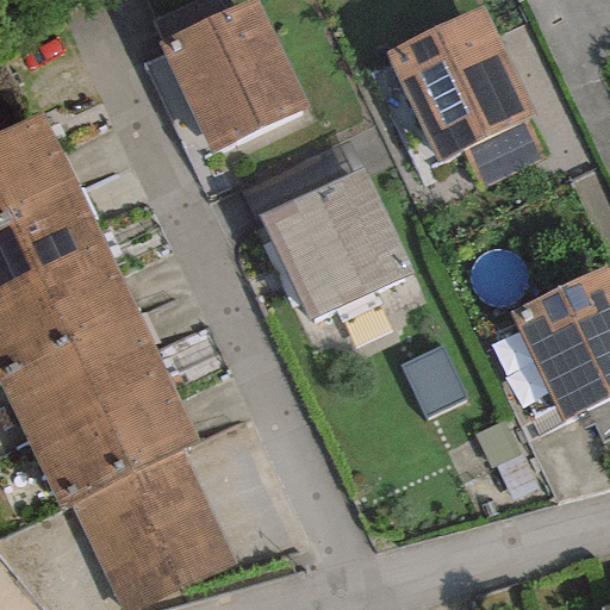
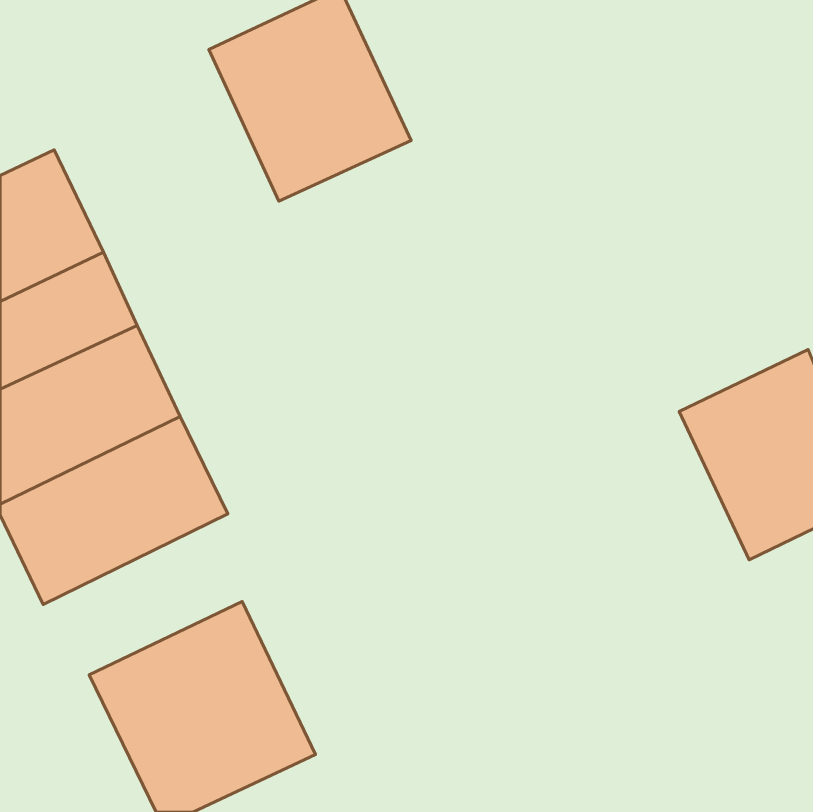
building: [386,5,543,186] -> none
building: [257,166,412,322] -> none
building: [33,384,199,508] -> none

